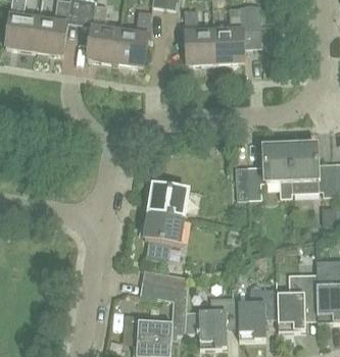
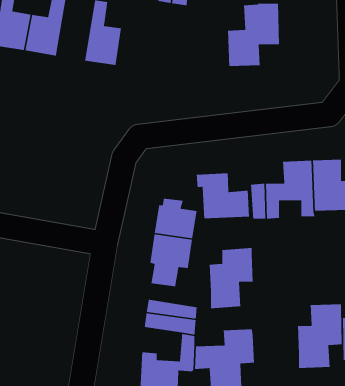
building: [182,9,214,64] -> none
building: [114,10,152,67] -> none
building: none -> [196,173,250,219]
building: [237,287,277,342] -> [209,247,254,309]

